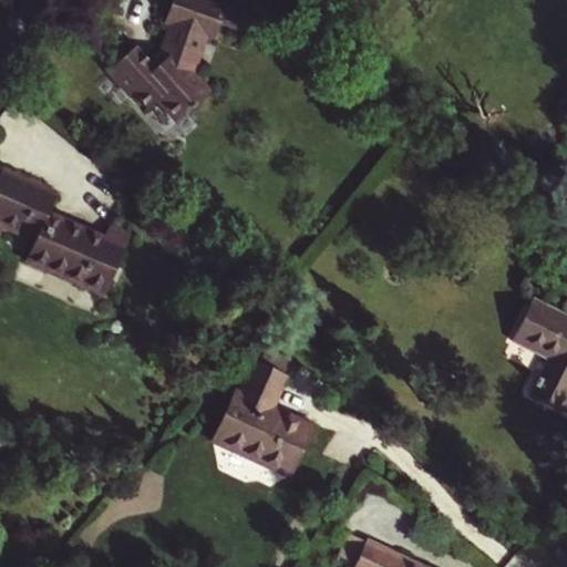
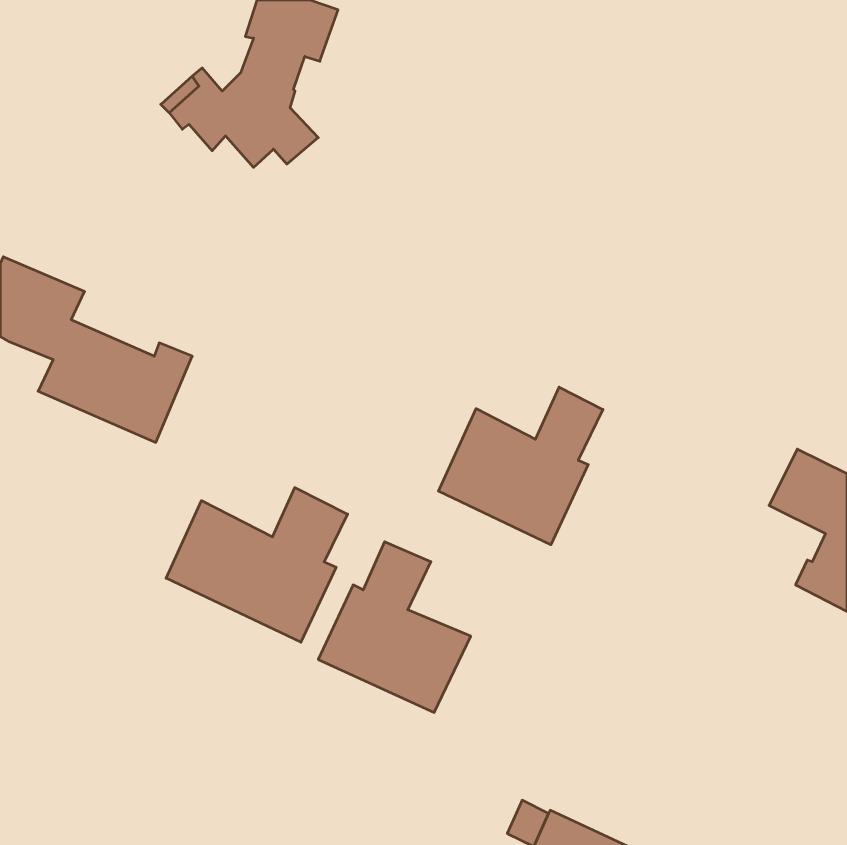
building: none -> [438,387,603,545]
building: none -> [166,488,348,642]

